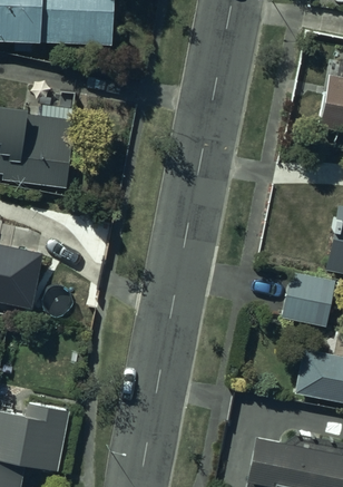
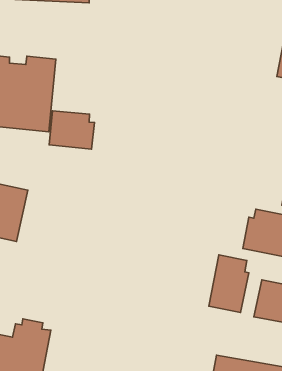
building: none -> [49,111,94,149]
building: none -> [209,255,249,313]

